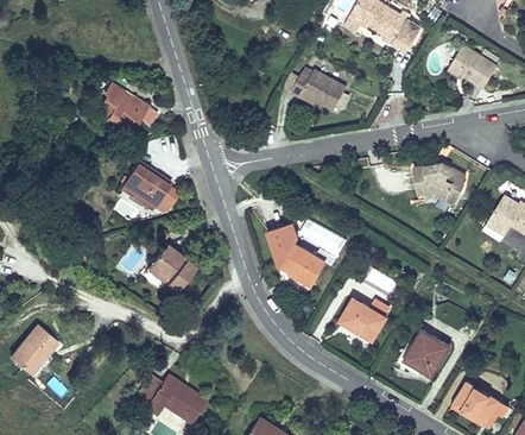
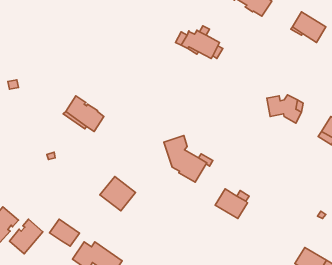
building: [100,83,150,131] -> none
building: [146,244,197,292] -> [100,177,136,211]
building: [403,330,450,377] -> none
building: none -> [10,219,43,254]
building: none -> [49,219,79,246]

